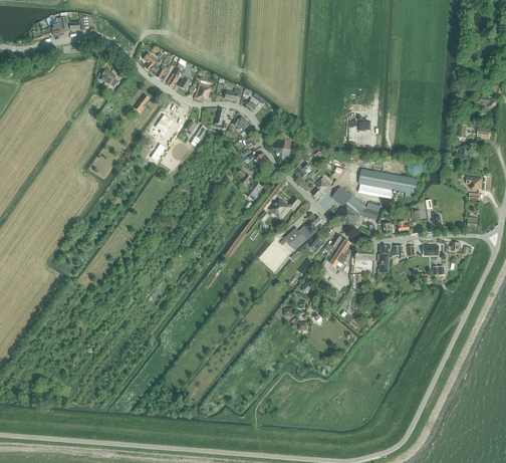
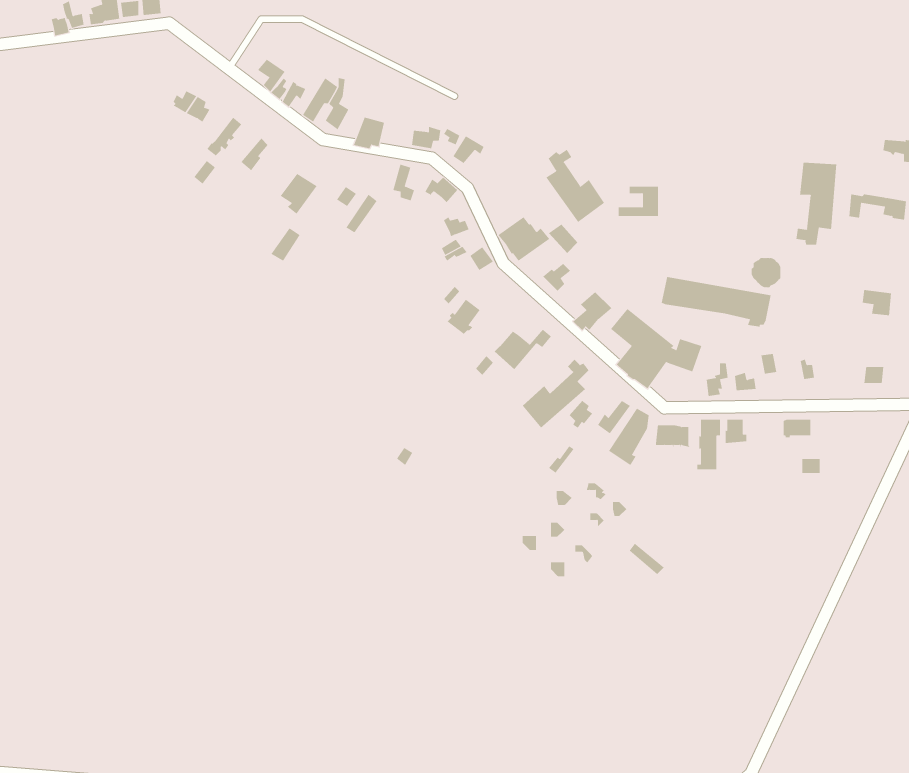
building: none -> [545,149,605,223]
building: none -> [796,162,837,245]

